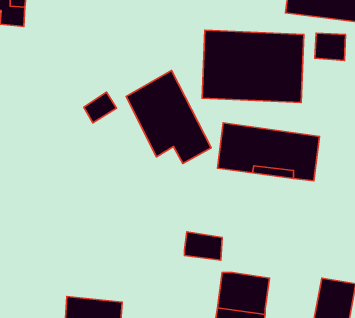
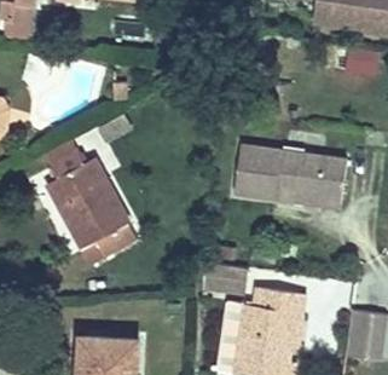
building: [202,30,304,103] -> none
building: [126,71,211,164] -> [48,152,139,252]
building: none -> [254,285,303,345]

